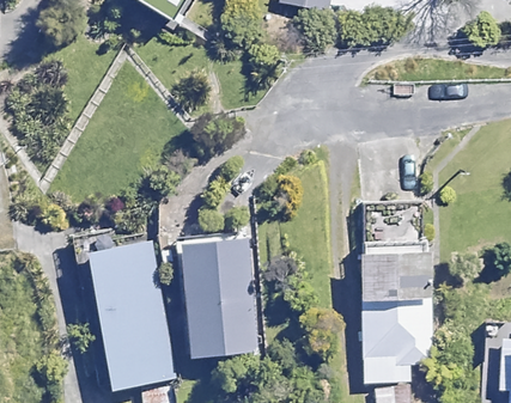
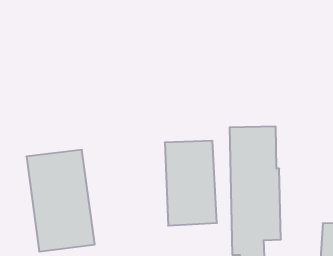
building: [180,231,253,349] -> [165,141,217,226]

